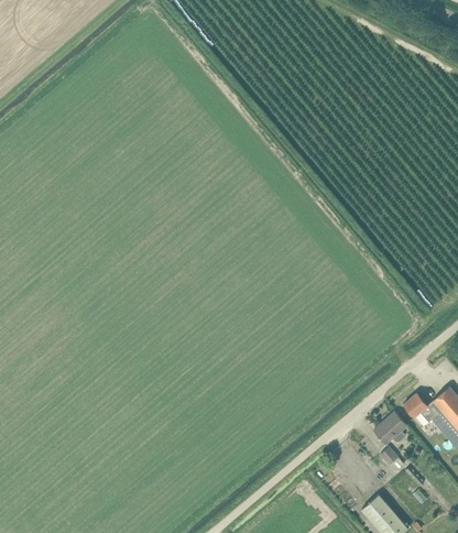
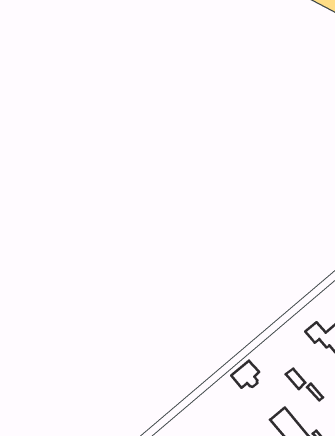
building: [373,411,406,443] -> [231,361,259,388]

